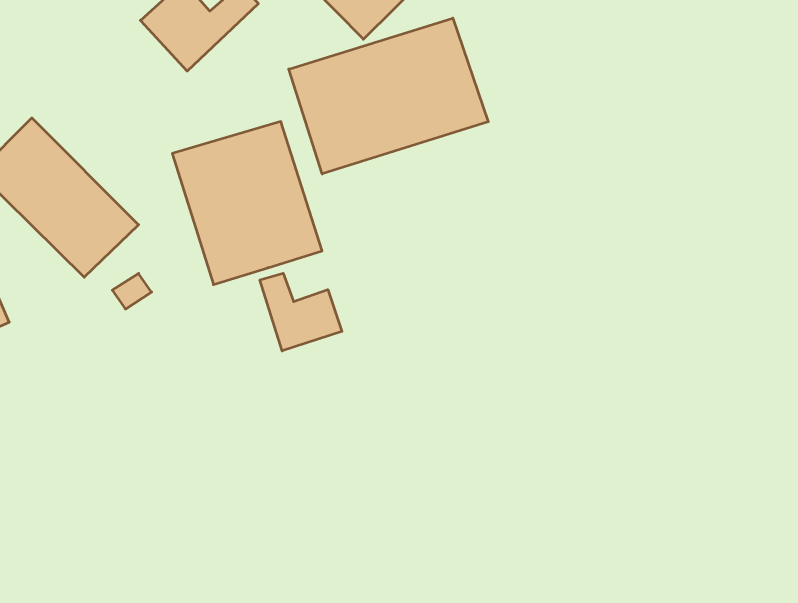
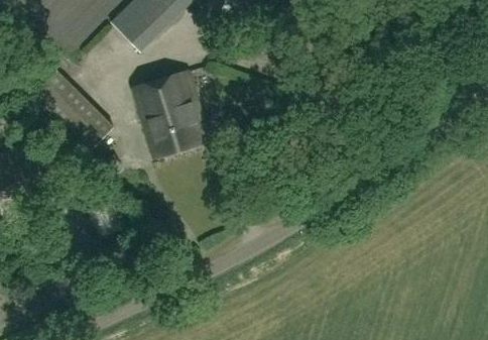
building: [289,18,488,174] -> none
building: [260,273,342,351] -> none

